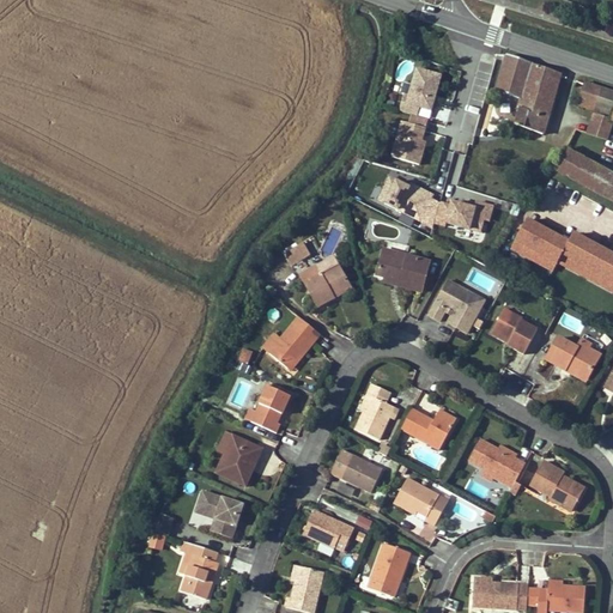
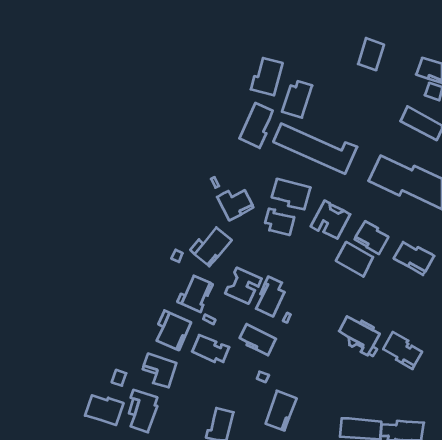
building: [514,62,560,132] -> none
building: [399,65,443,116] -> [251,58,283,95]
building: none -> [239,103,273,148]
building: none -> [265,209,294,235]
building: none -> [336,242,373,277]
building: none -> [225,268,262,304]
building: [401,407,457,449] -> none
building: [394,478,448,524] -> none
building: [303,510,354,547] -> [192,335,229,362]
building: none -> [85,395,123,425]

